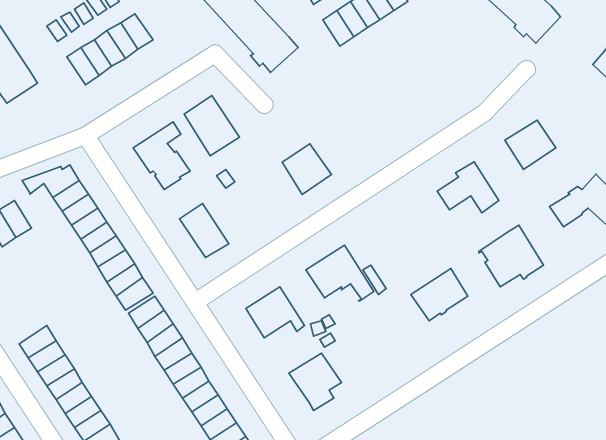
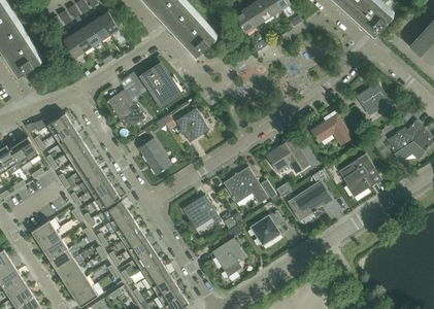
building: [282,144,331,195] -> [175,109,208,143]
building: none -> [265,139,307,173]
building: none -> [249,211,281,245]

